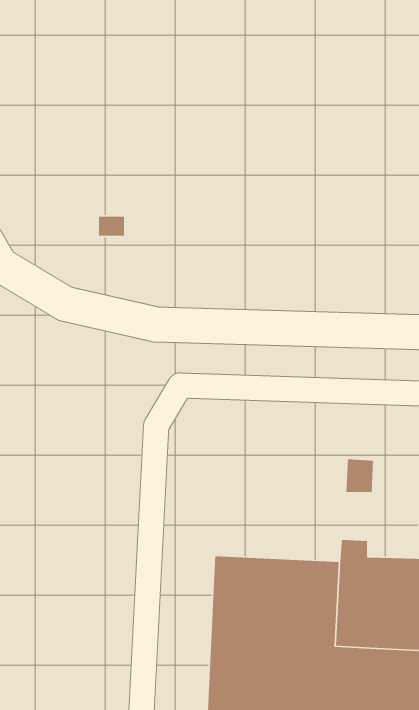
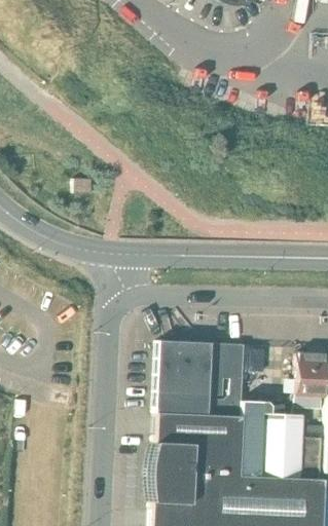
building: none -> [157,341,247,417]

